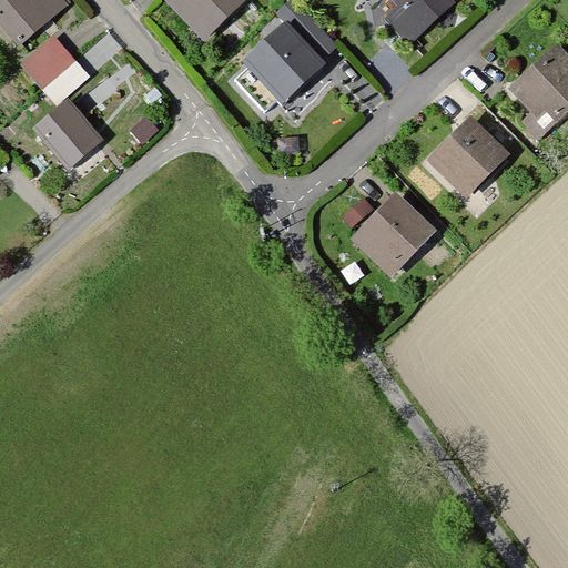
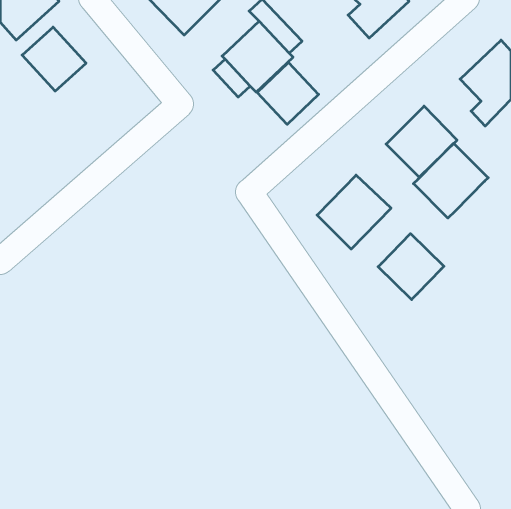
building: none -> [257,62,319,124]
building: [34,100,102,168] -> none
building: none -> [413,143,488,218]
building: none -> [378,234,444,300]

